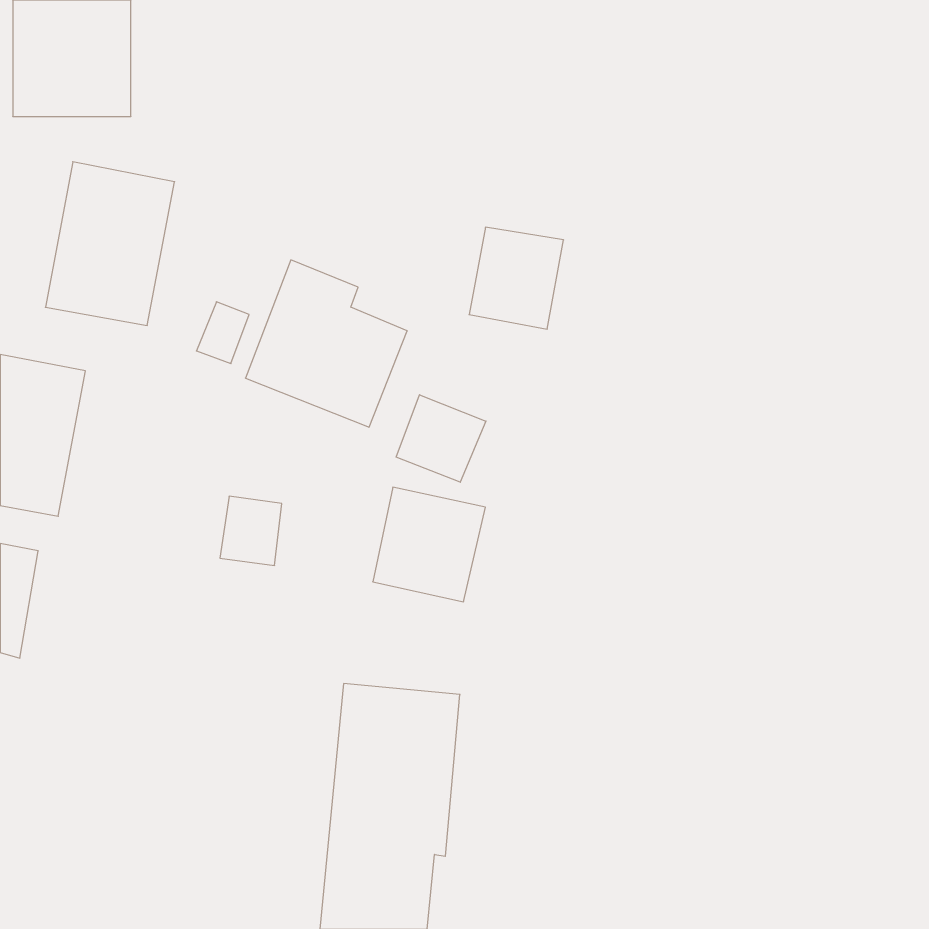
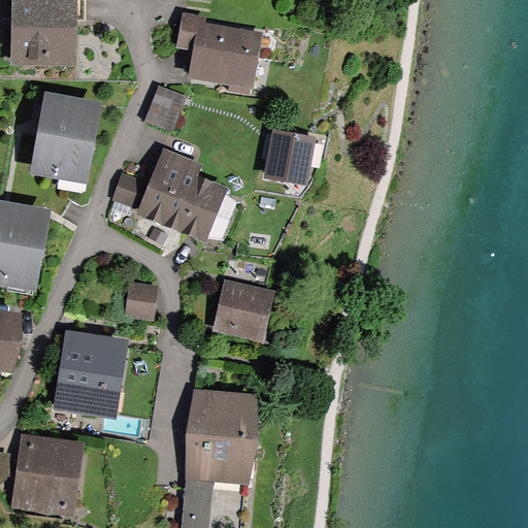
building: none -> [179,11,266,89]
building: none -> [145,84,189,132]
building: [396,395,486,482] -> none
building: none -> [51,331,129,421]
building: none -> [7,433,84,518]

